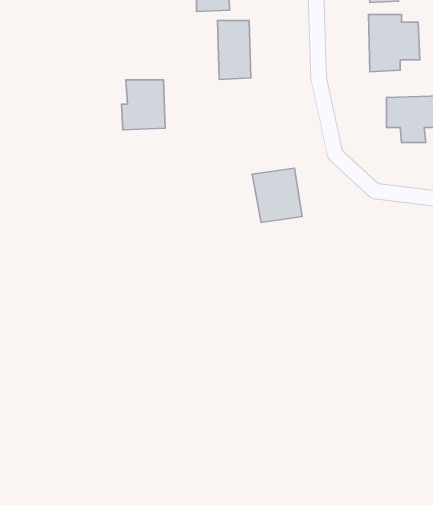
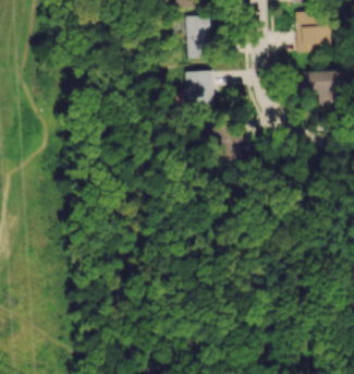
building: [121,80,165,130] -> [181,72,212,108]

